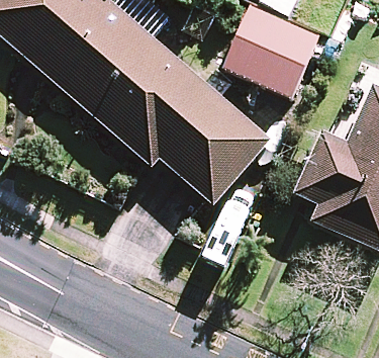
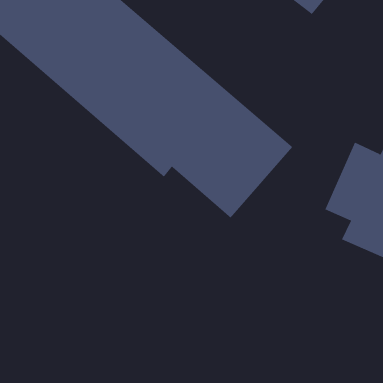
building: [224,7,317,97] -> none

